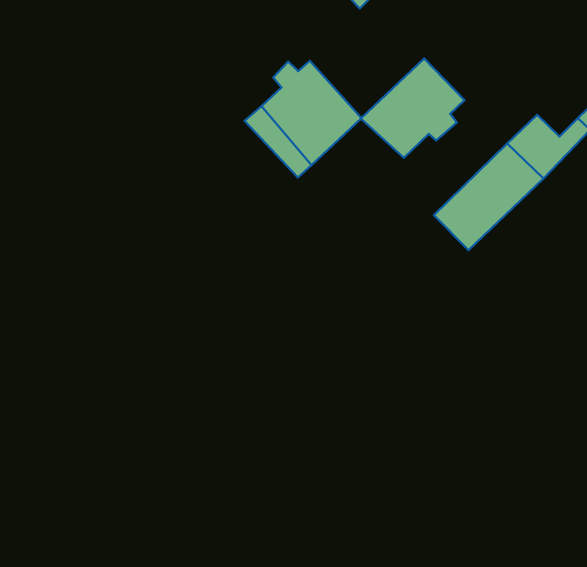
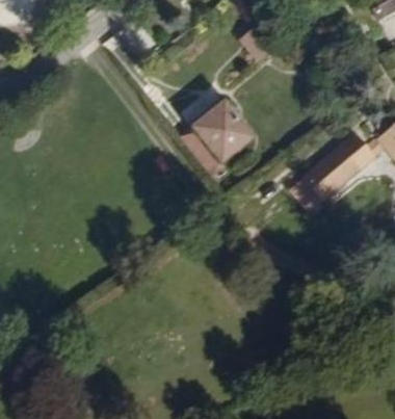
building: [361,59,464,158] -> none

